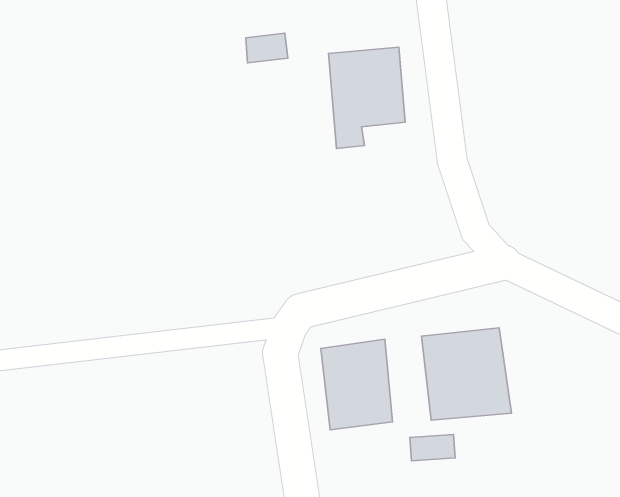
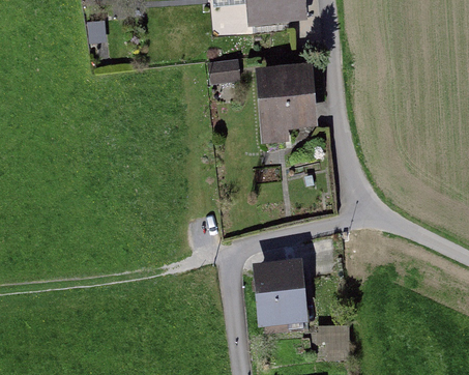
building: [421,328,511,420] -> none

